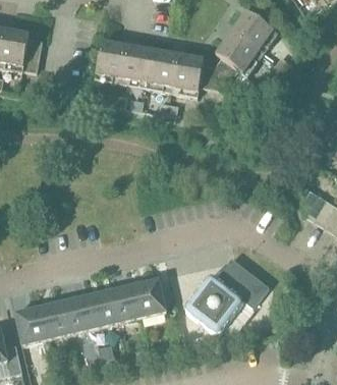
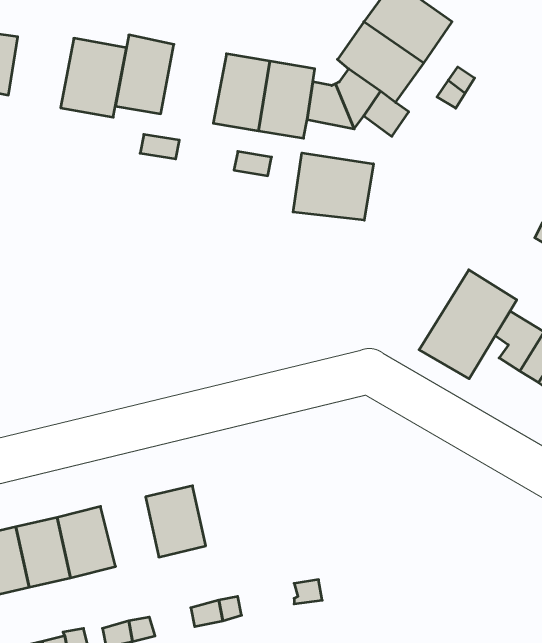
building: [120,44,156,87] -> [61,38,126,117]
building: none -> [293,153,373,220]
building: none -> [419,270,517,379]
building: [185,268,258,332] -> none
building: [137,278,167,316] -> none
building: [88,289,119,327] -> none

